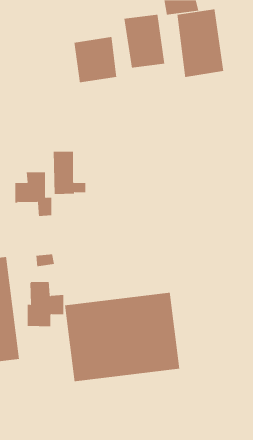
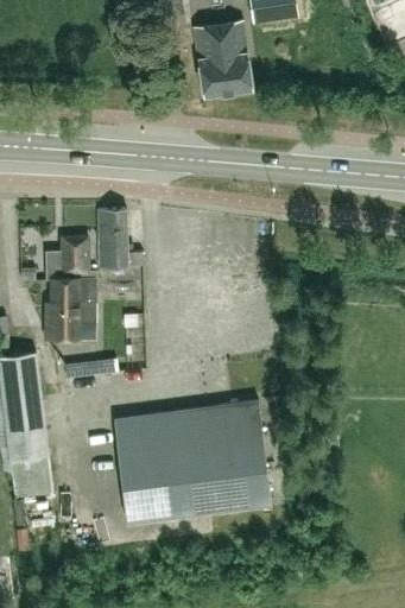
building: [177,8,224,78] -> none
building: [74,36,117,83] -> none
building: [27,282,64,327] -> [45,279,96,341]

